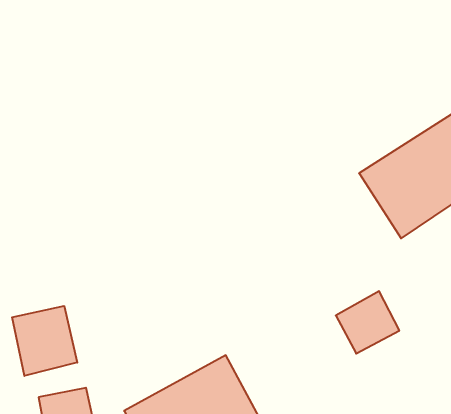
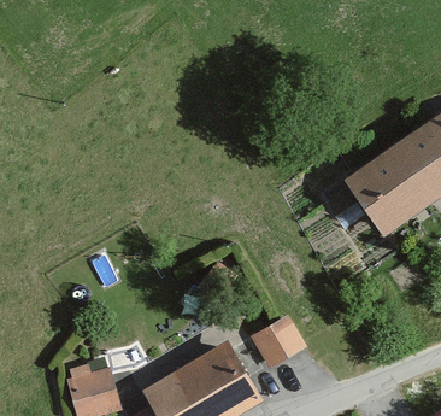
building: [336,291,399,354] -> [251,315,307,370]
building: [12,306,77,376] -> none

